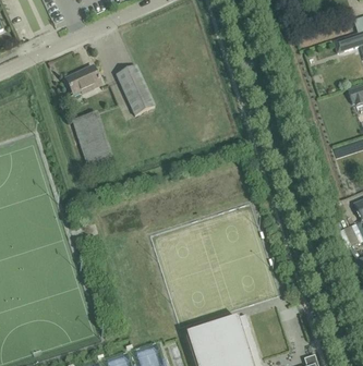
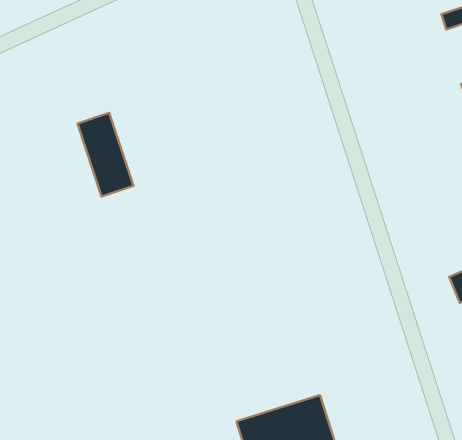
building: [116,63,155,113] -> none
building: [65,64,101,93] -> none

